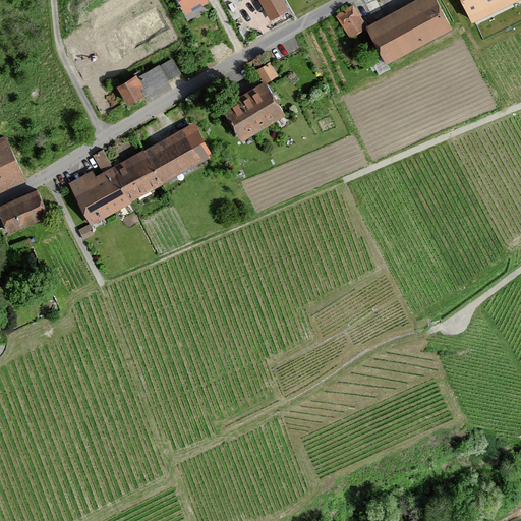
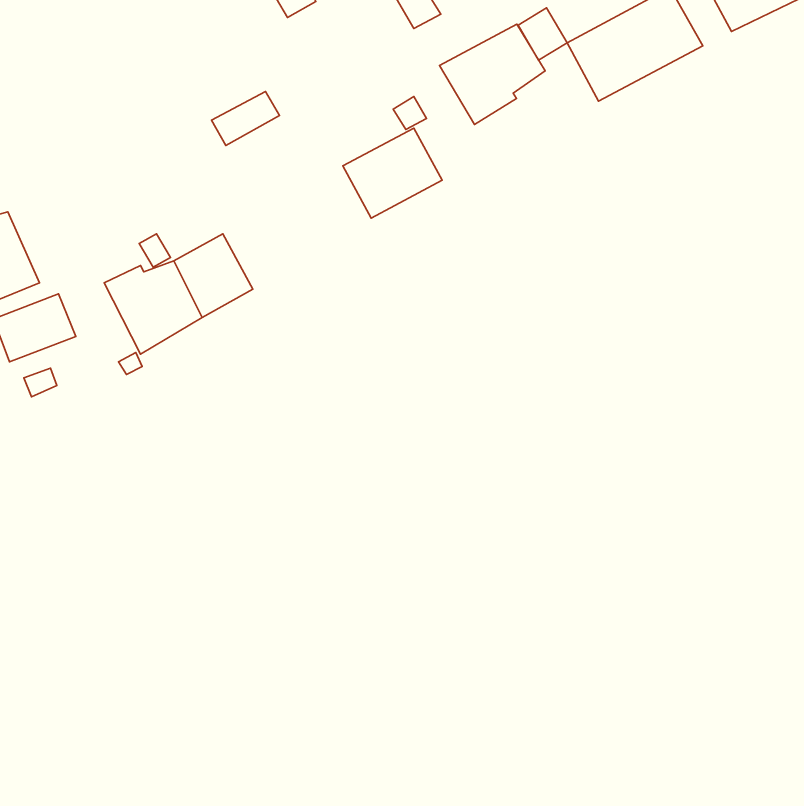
building: none -> [440,24,545,124]
building: [115,74,146,105] -> none
building: [143,123,213,186] -> none

